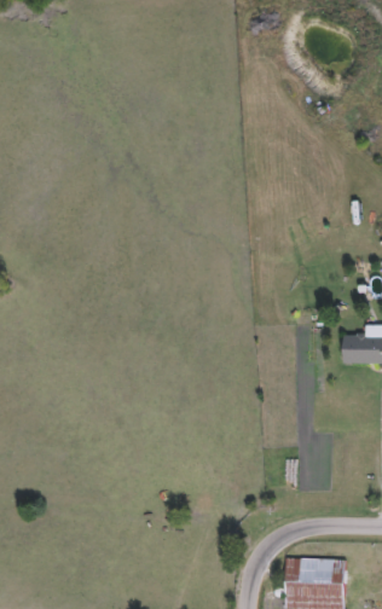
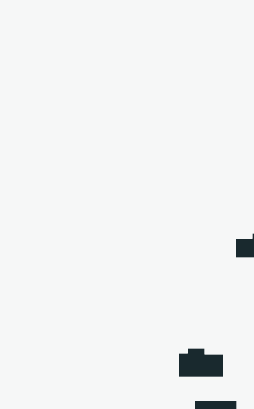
building: none -> [178,348,224,378]

